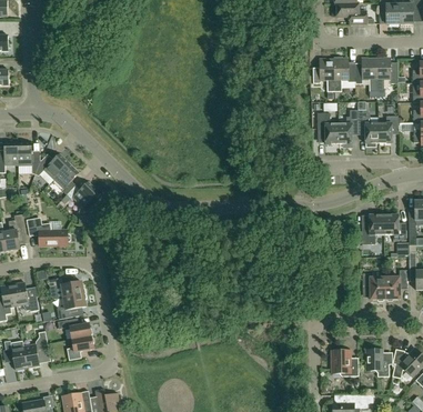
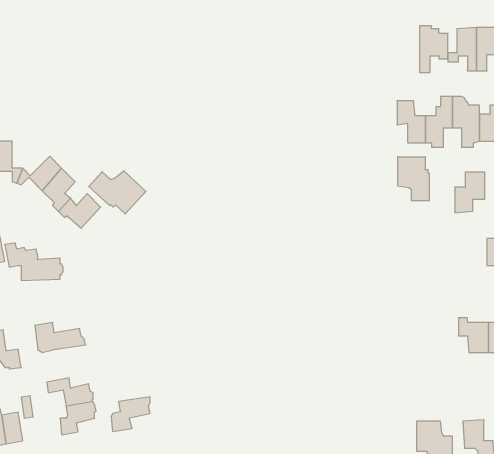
building: [313,59,334,91] -> none
building: none -> [398,157,429,201]
building: none -> [89,171,146,214]
building: [362,214,384,244] -> [455,172,485,213]
building: [58,293,87,319] -> [111,397,150,431]

